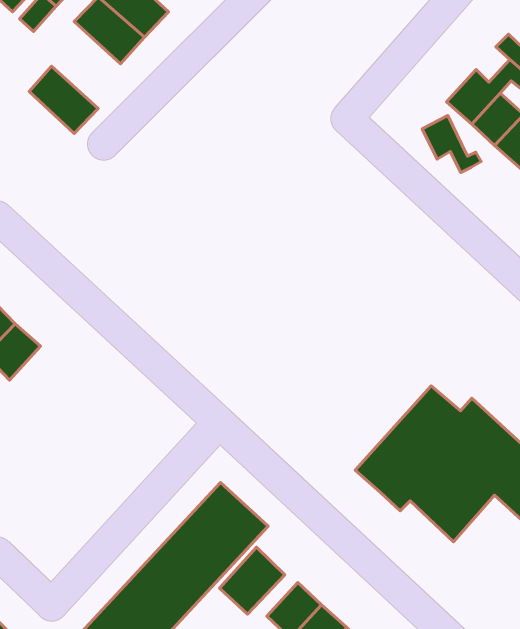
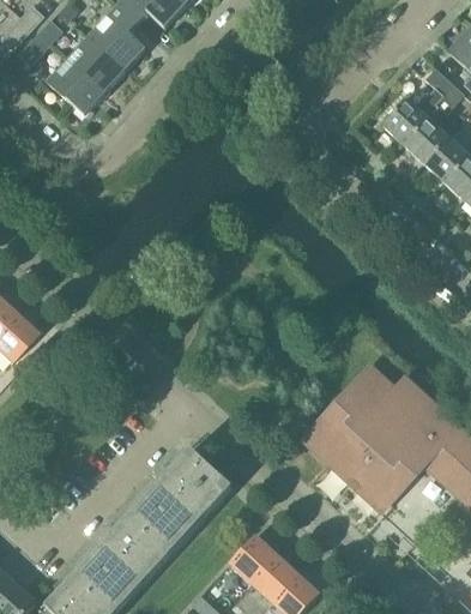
building: [29,66,98,134] -> [46,58,104,115]
building: [422,115,481,172] -> none
building: [219,547,285,614] -> none

